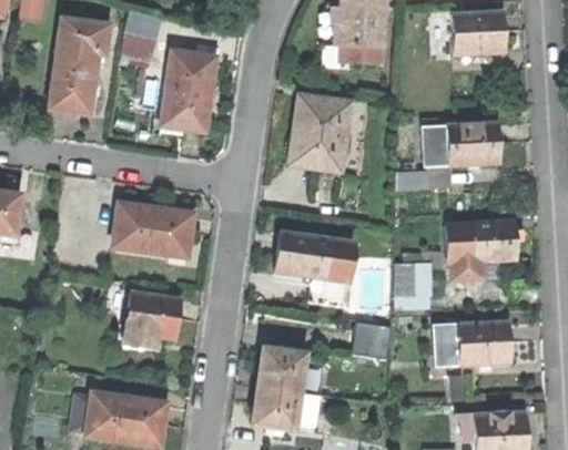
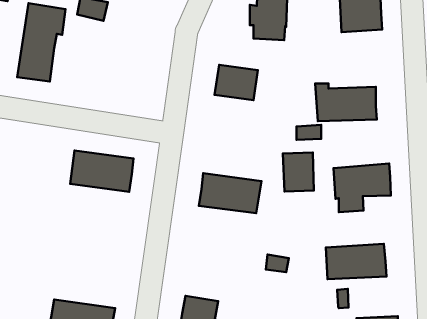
building: [161,51,216,130] -> none
building: [291,133,344,170] -> none
building: [395,262,434,310] -> [283,153,314,191]
building: [124,290,182,349] -> none
building: [258,349,305,392] -> none

